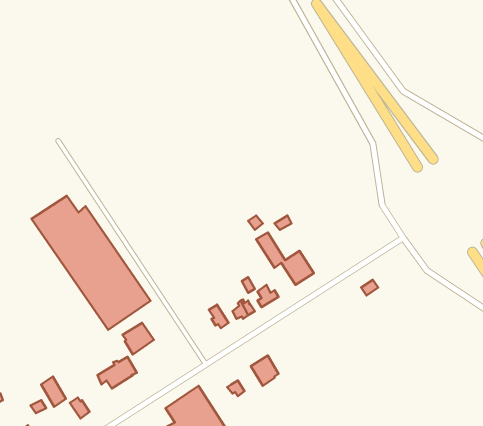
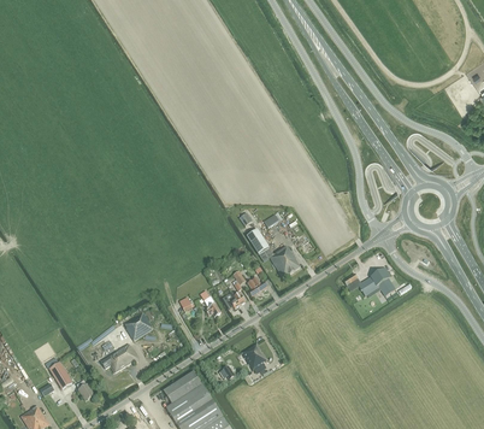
building: [31,196,151,330] -> none
building: none -> [358,268,395,295]

